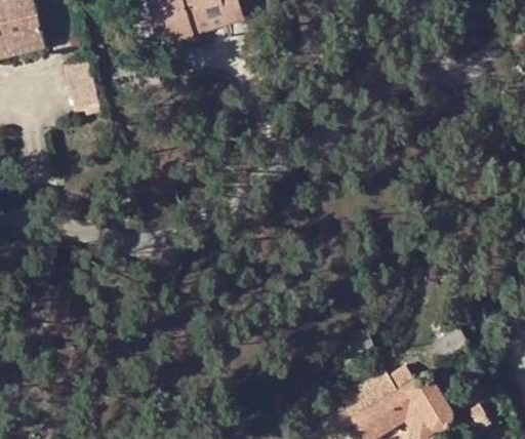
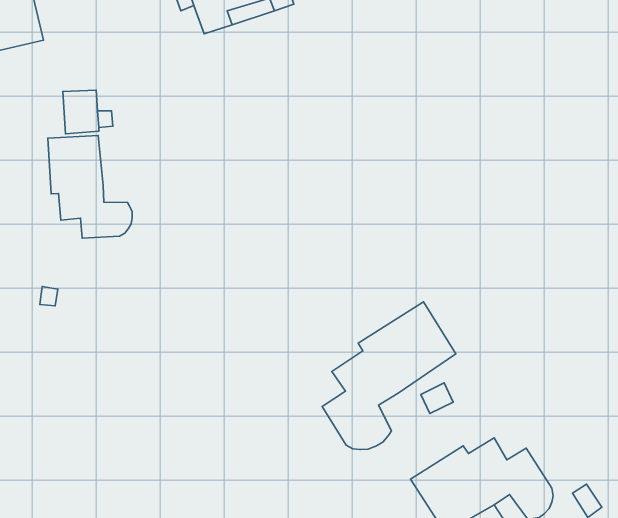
building: none -> [48,136,132,238]
building: none -> [322,302,456,450]

